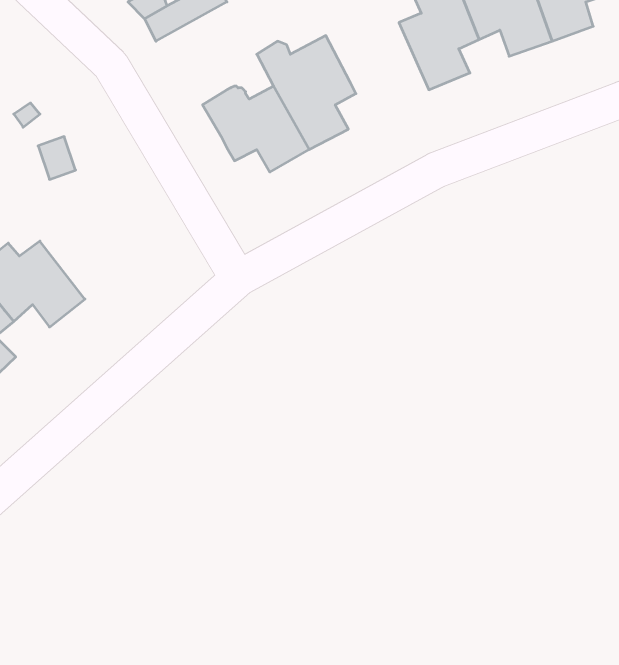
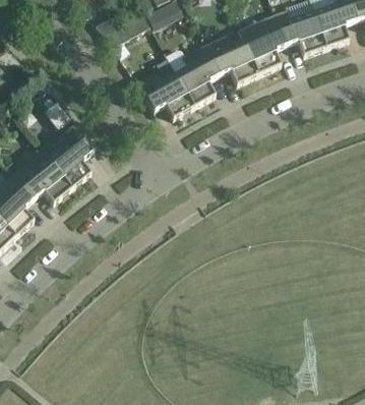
building: none -> [203,36,259,85]
building: none -> [48,124,95,189]

